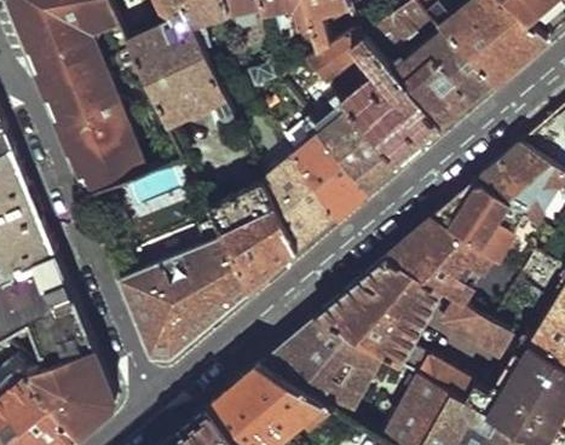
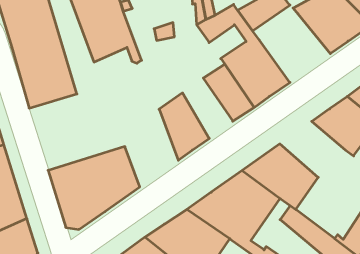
building: [394,35,494,131] -> none
building: [295,135,368,218] -> none
building: [436,181,526,262] -> none
building: [208,184,298,293] -> none

